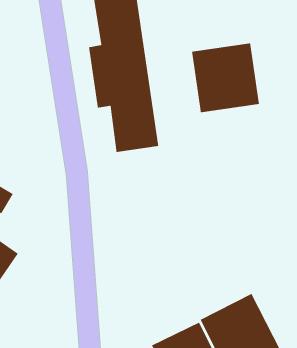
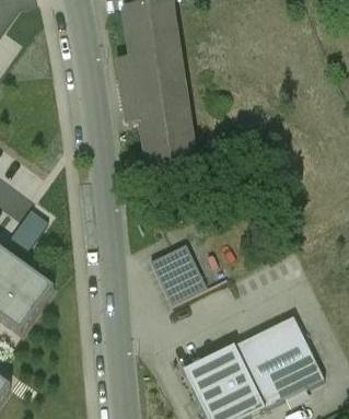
building: [191,42,260,113] -> none
building: none -> [150,242,207,303]

